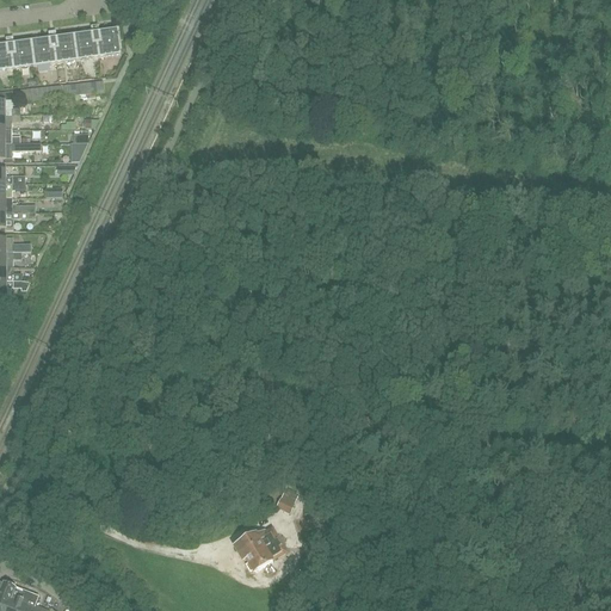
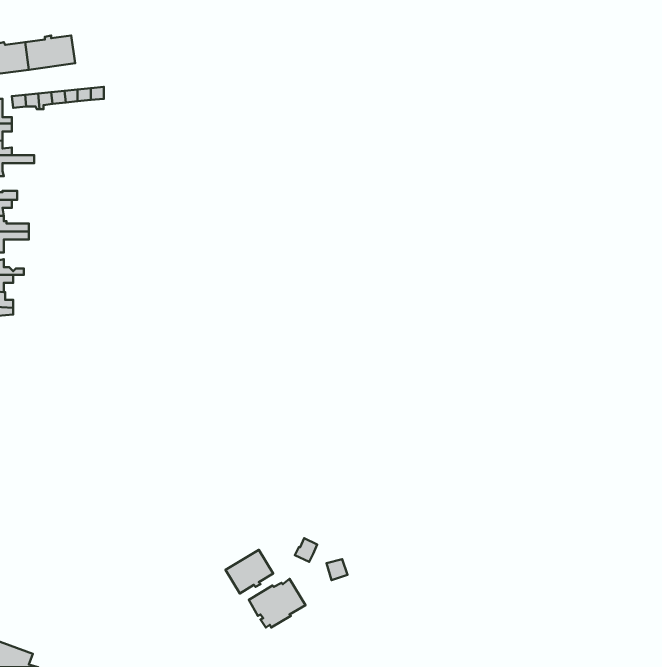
building: [64,26,111,57] -> none
building: none -> [226,550,273,593]

